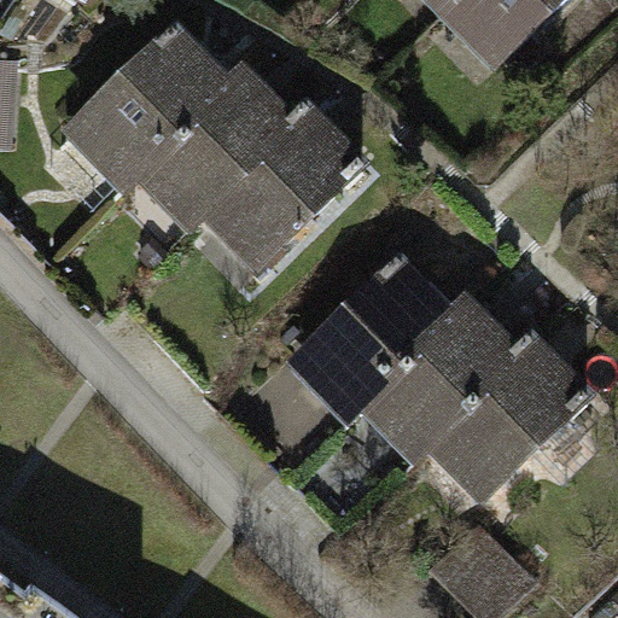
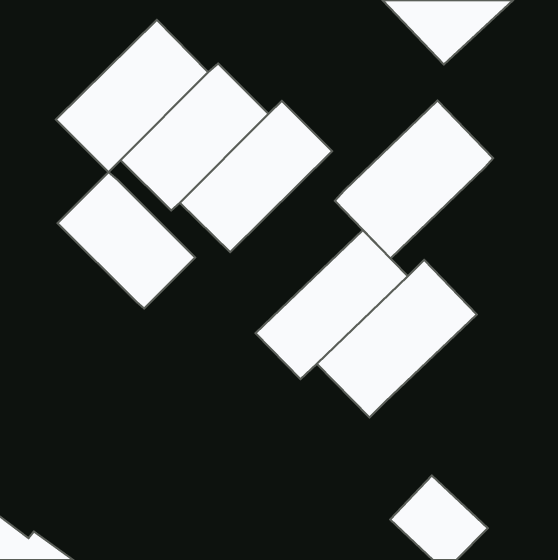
building: none -> [335,100,493,258]
building: none -> [58,172,195,309]
building: [424,332,594,500] -> none

